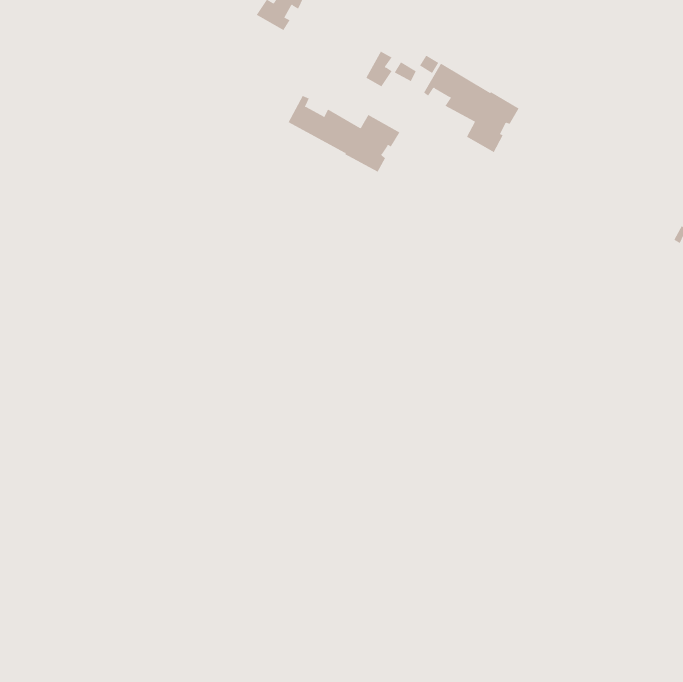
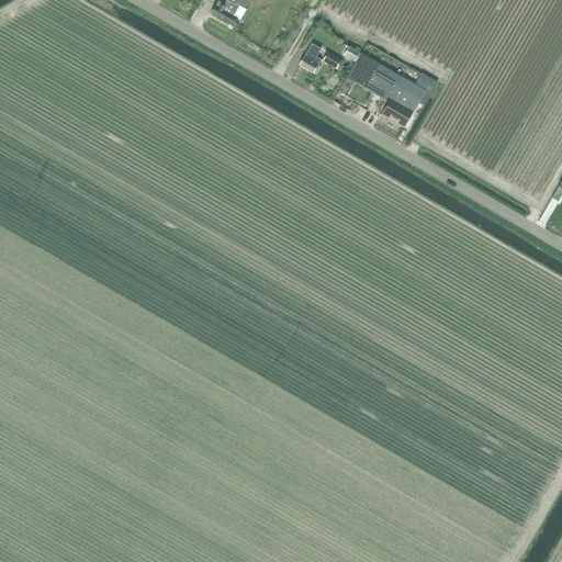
building: [288,95,400,172] -> none

